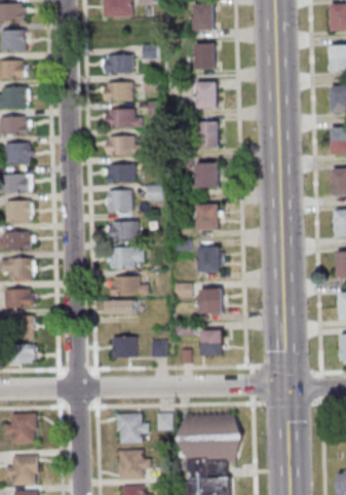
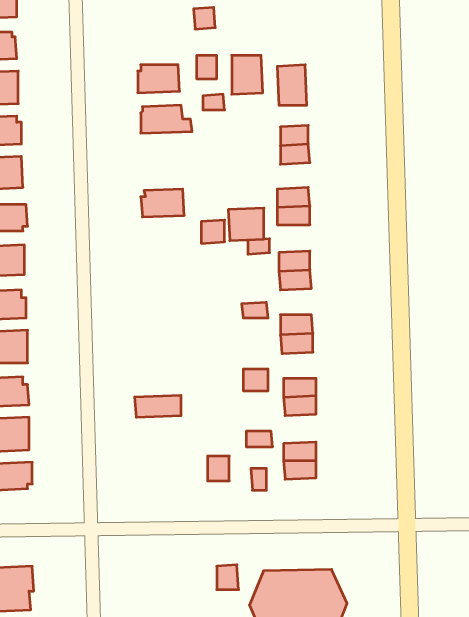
building: [194,44,215,70] -> [232,55,263,94]
building: [104,54,131,74] -> none
building: [106,136,140,155] -> none
building: [107,190,130,212] -> [228,208,264,241]
building: [109,221,137,239] -> none
building: [109,247,143,269] -> none
building: [110,276,147,295] -> none
building: [112,337,136,358] -> none
building: [115,415,147,443] -> none

